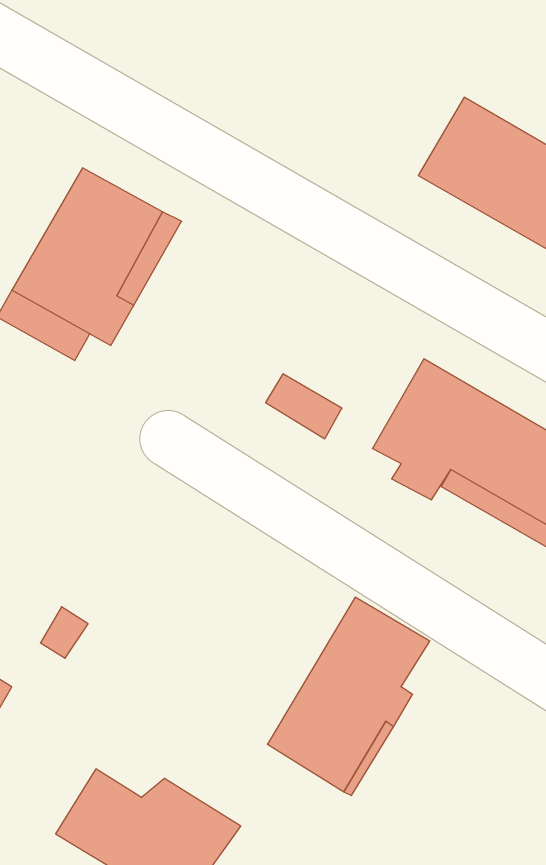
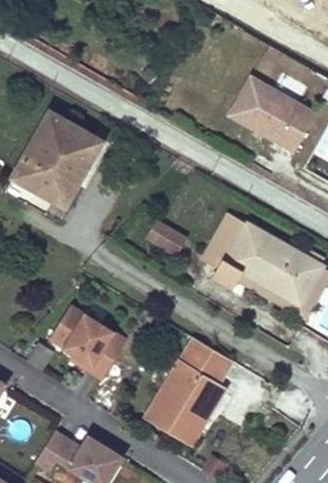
building: none -> [43,299,128,379]

